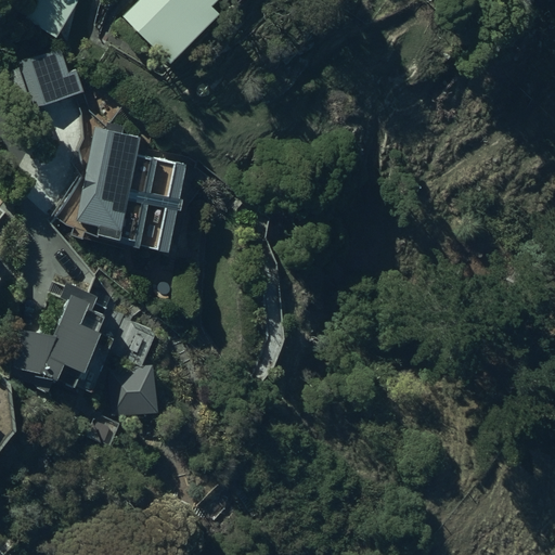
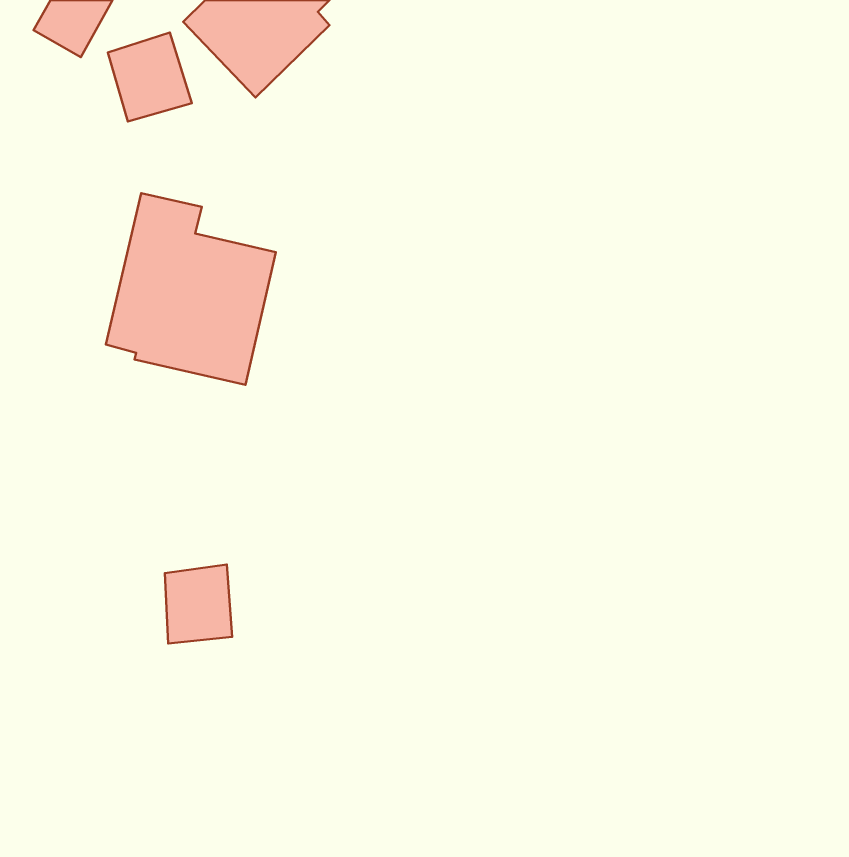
building: [30,47,85,104] -> [108,33,192,122]
building: [14,282,115,391] -> none

